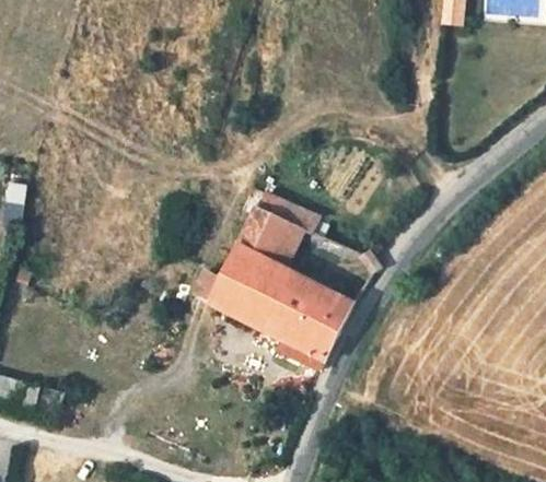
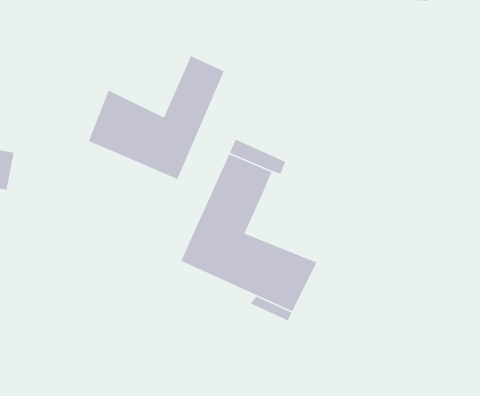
building: none -> [88,55,225,180]

